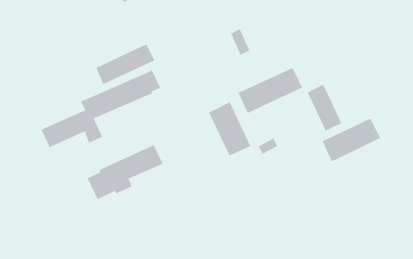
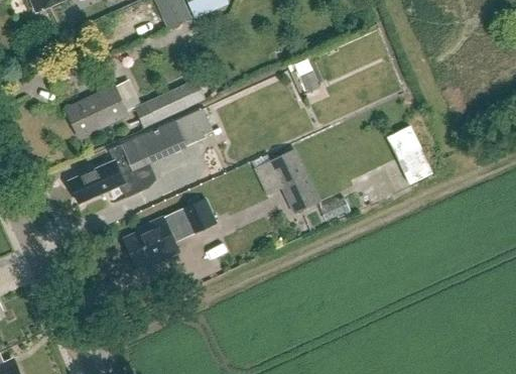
building: none -> [66,87,127,138]
building: [238,67,303,114] -> none
building: [322,118,381,162] -> none

